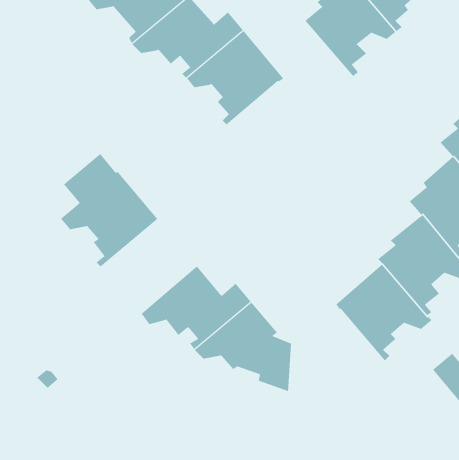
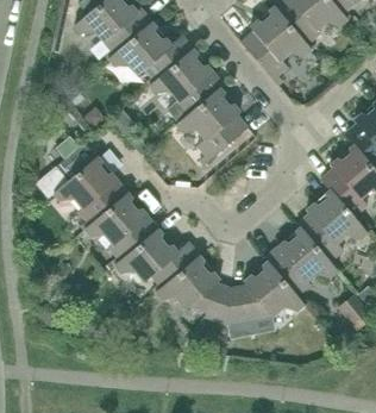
building: none -> [176,89,247,167]
building: none -> [84,194,158,267]
building: none -> [228,263,305,326]

